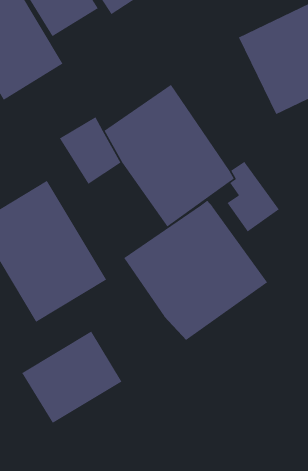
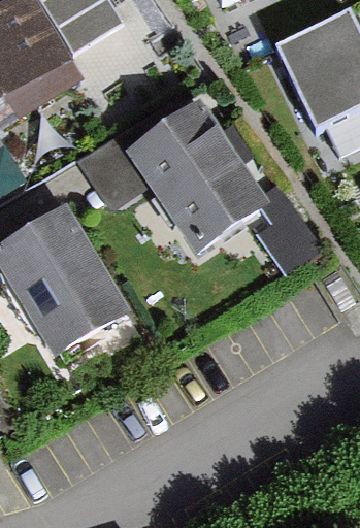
building: [123,200,268,341] -> none
building: [21,331,123,424] -> none

